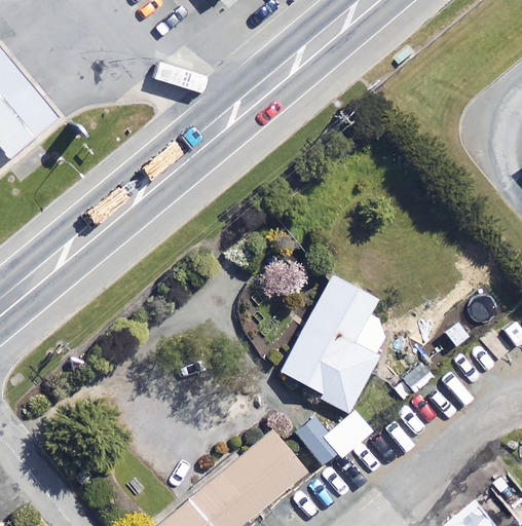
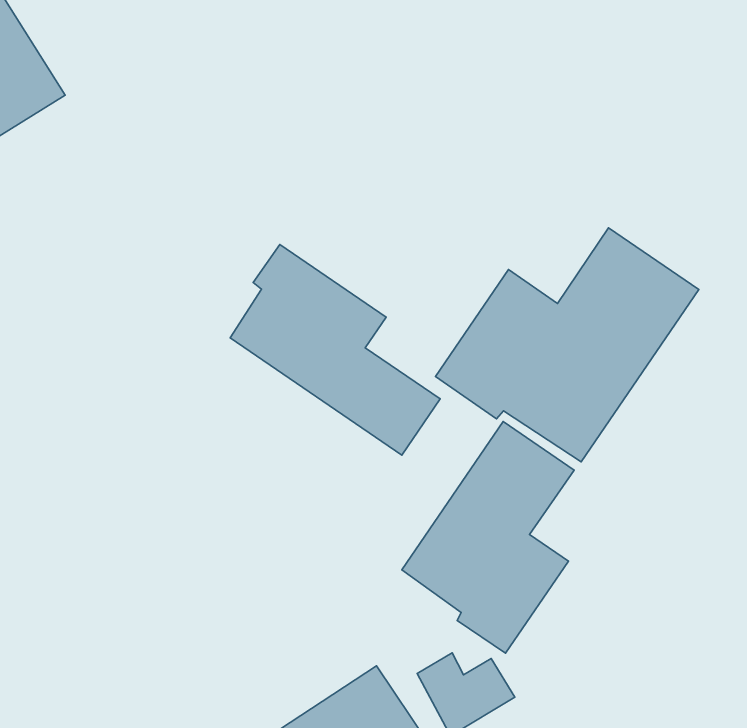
building: none -> [436,228,699,462]
building: none -> [230,244,440,455]

